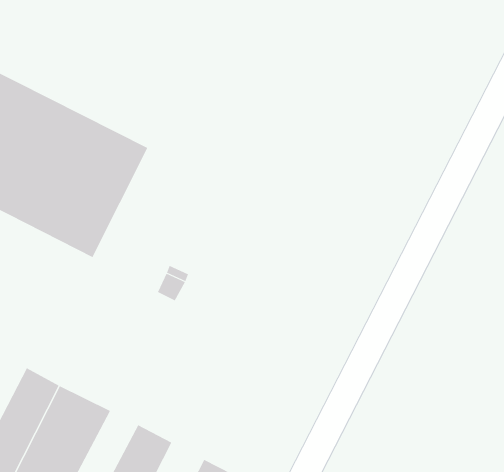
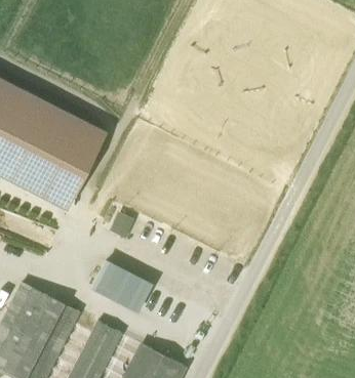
building: none -> [93,261,151,310]

